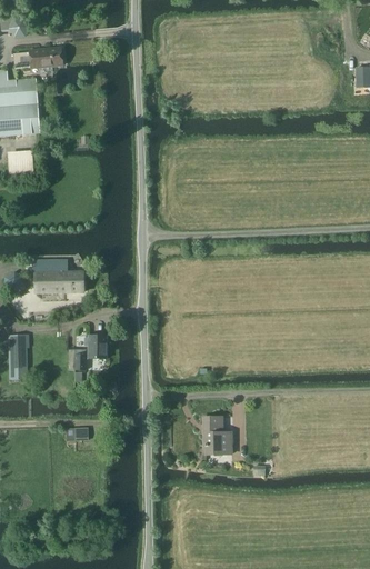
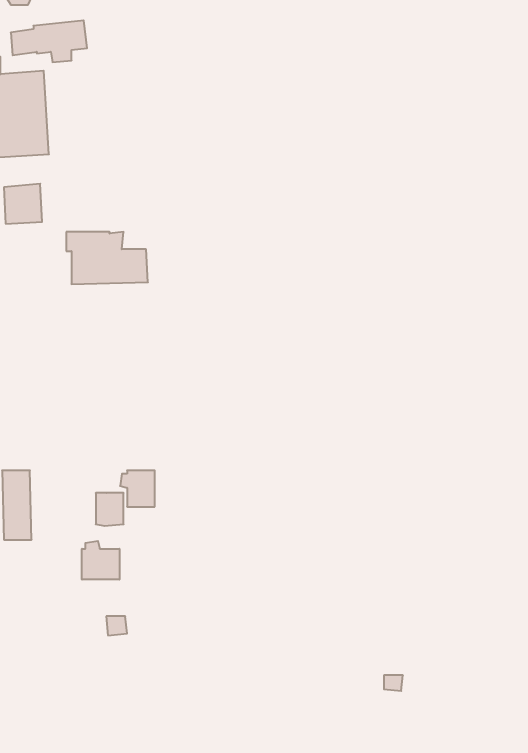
building: [32,260,84,293] -> [66,232,148,284]
building: none -> [82,541,119,580]
building: [203,417,232,453] -> none

